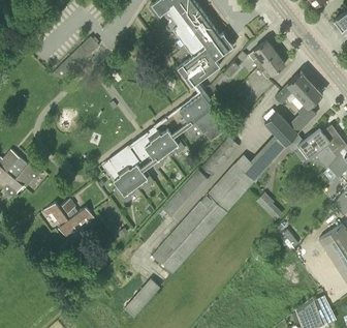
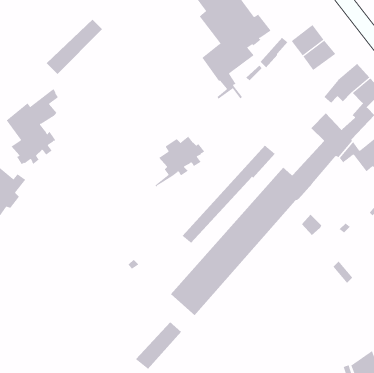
building: [171,93,224,142] -> none
building: [108,136,151,197] -> [6,88,59,165]
building: [44,200,94,237] -> none

